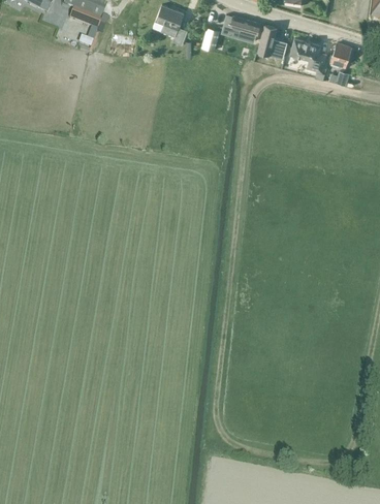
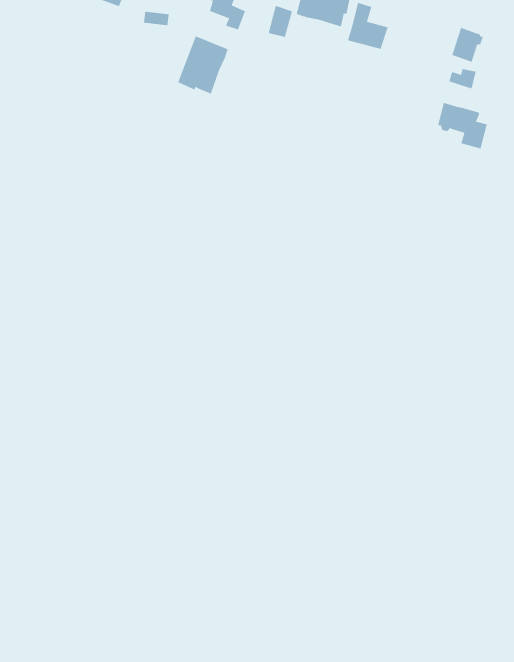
building: [291,38,327,71] -> [437,102,488,149]
building: none -> [177,36,228,94]

